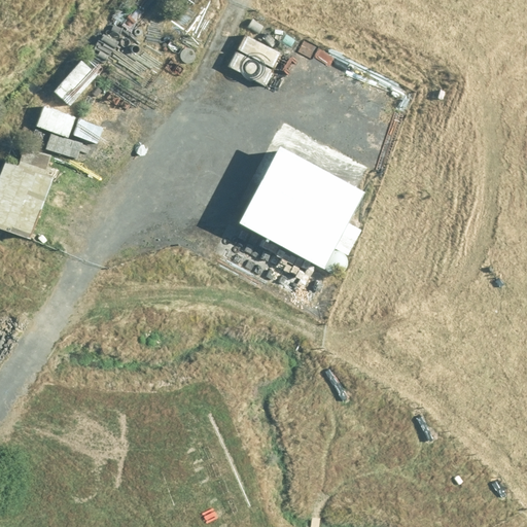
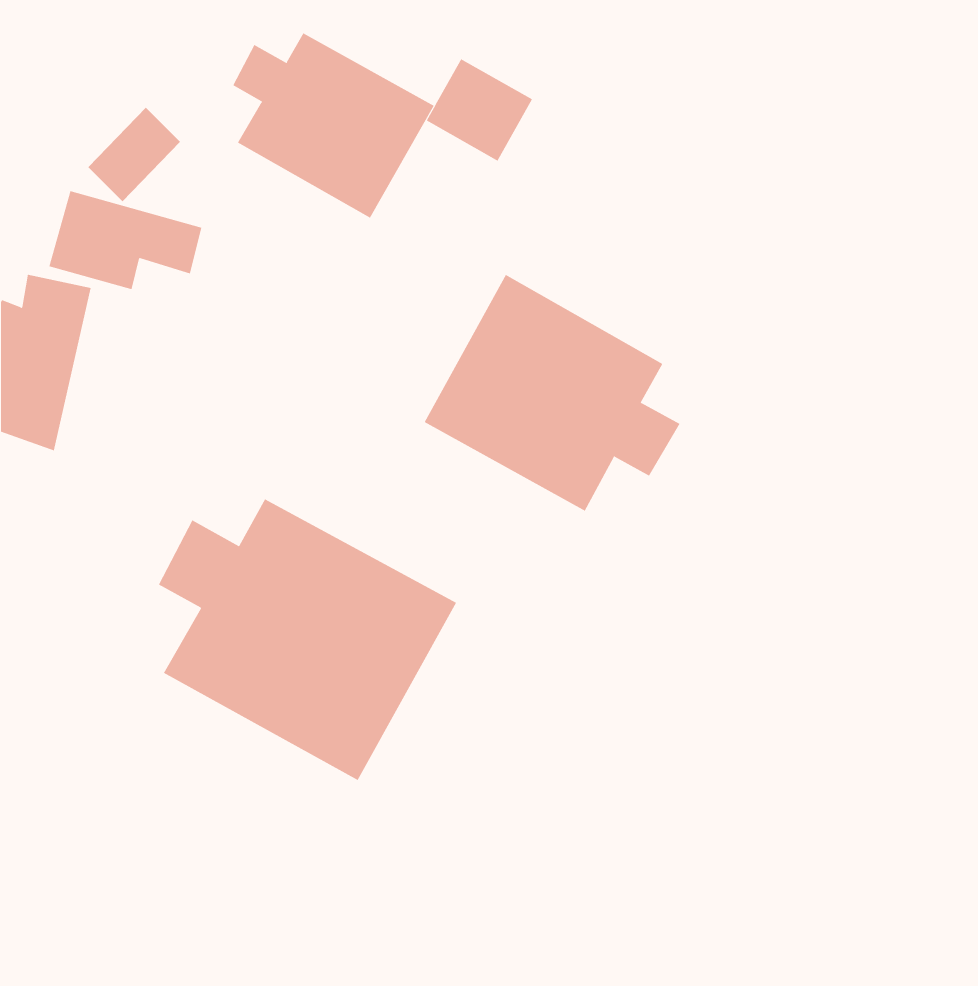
building: none -> [232,33,434,218]
building: none -> [158,499,457,781]

